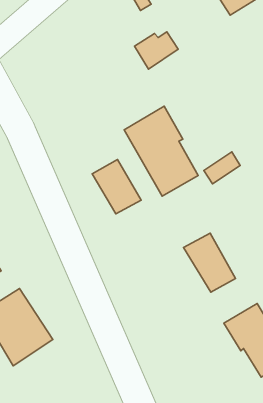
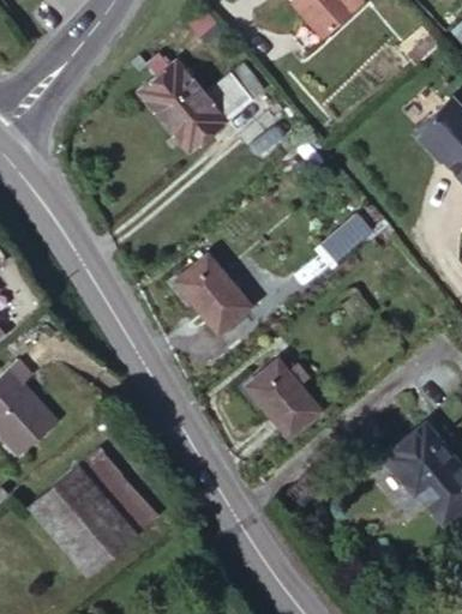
building: none -> [137,53,227,152]
building: [124,106,198,196] -> none
building: [184,233,236,292] -> [239,354,317,435]

